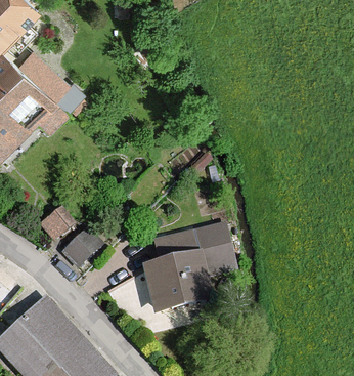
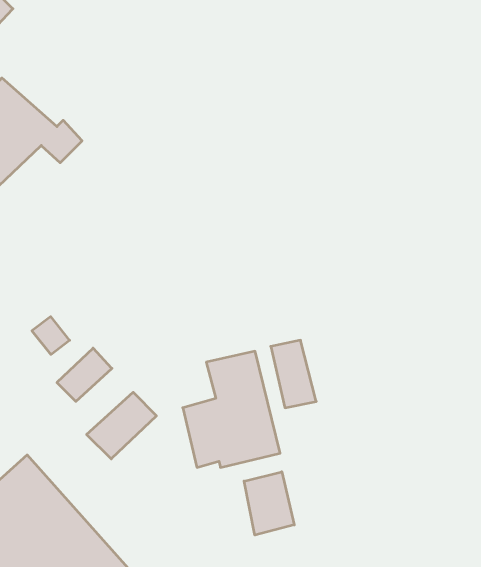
building: none -> [87,392,156,459]
building: none -> [244,472,294,535]

